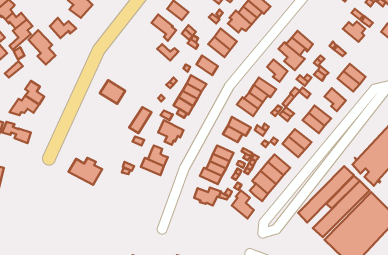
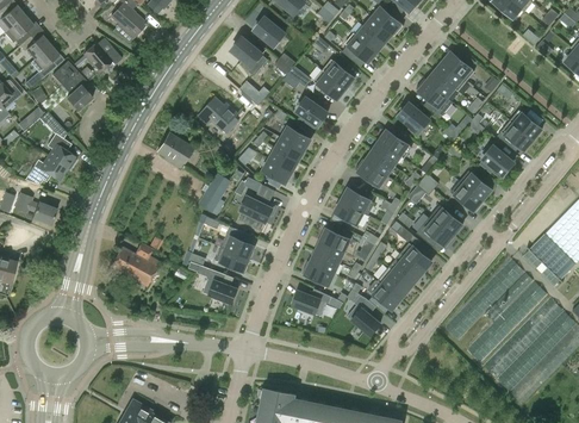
building: [343,21,365,42] -> [443,51,475,81]
building: none -> [204,97,238,129]
building: none -> [203,268,237,303]

